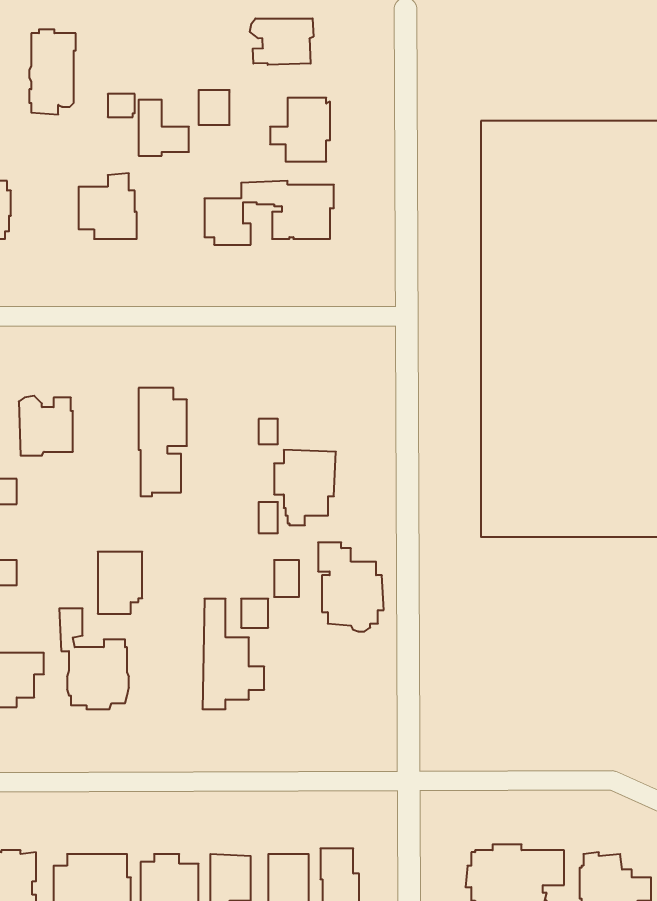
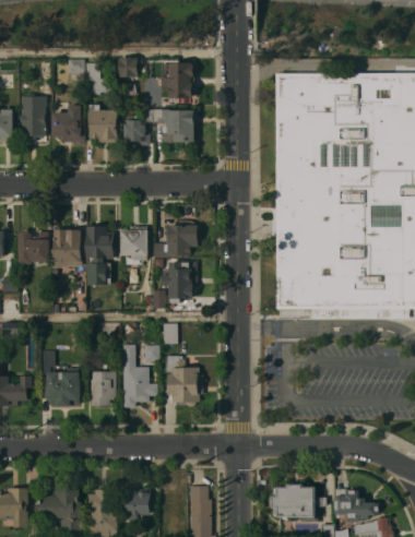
building: [250,18,313,65] -> none
building: [29,29,76,114] -> [19,94,45,142]
building: none -> [87,105,117,143]
building: none -> [166,220,197,258]
building: none -> [120,227,147,260]
building: none -> [51,228,81,267]
building: [318,542,384,631] -> [165,356,202,406]
building: [98,552,142,614] -> [90,371,115,406]

